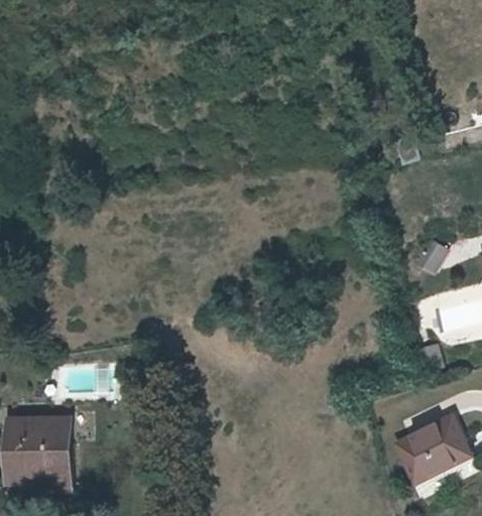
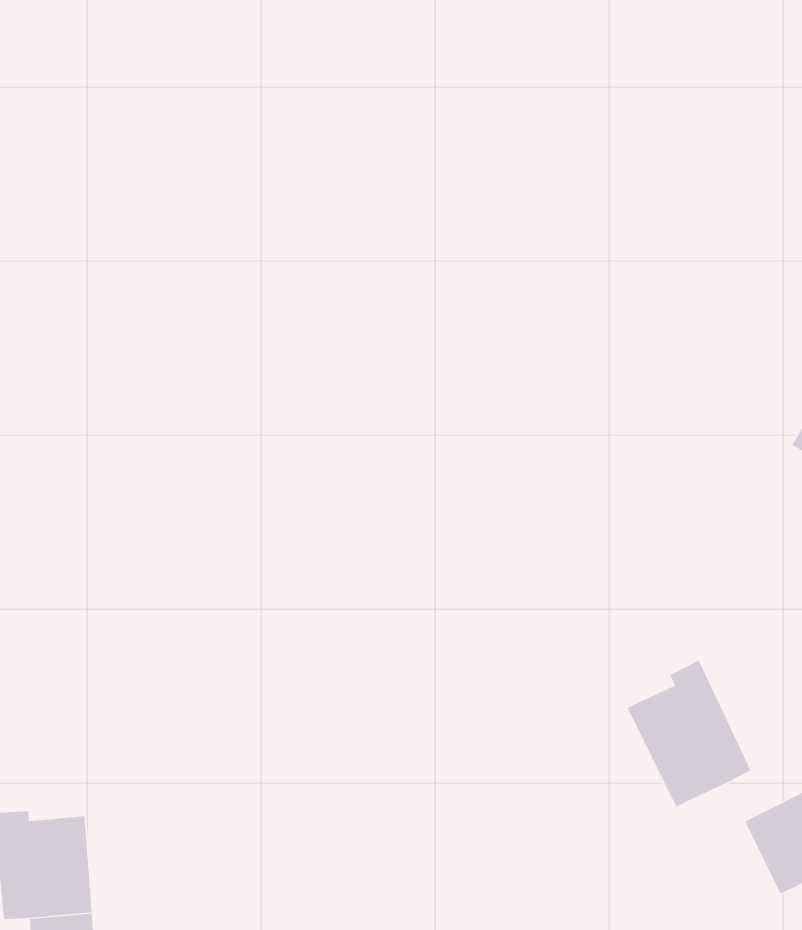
building: none -> [627,659,752,808]

